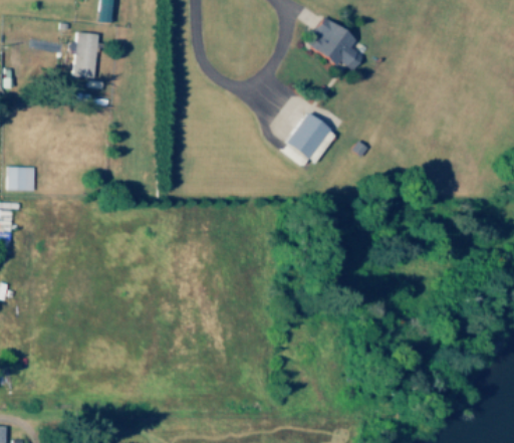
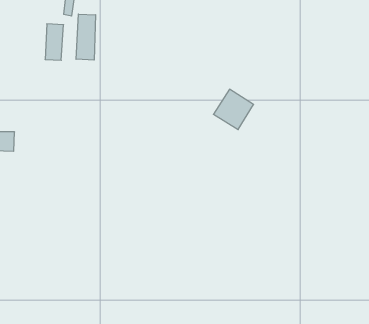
building: [305,17,363,68] -> none
building: none -> [76,14,96,60]

